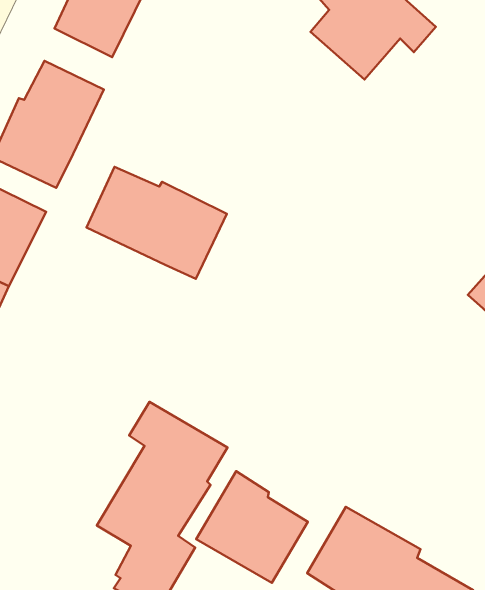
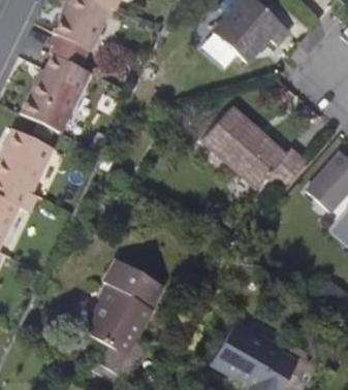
building: none -> [205,105,308,187]
building: [86,167,227,279] -> none
building: [196,471,308,583] -> none

